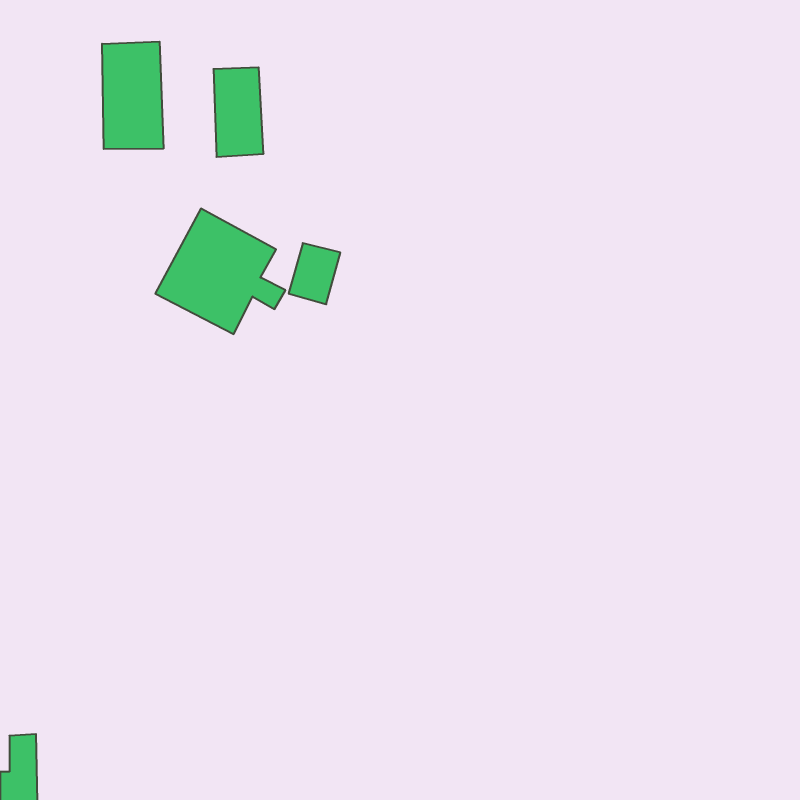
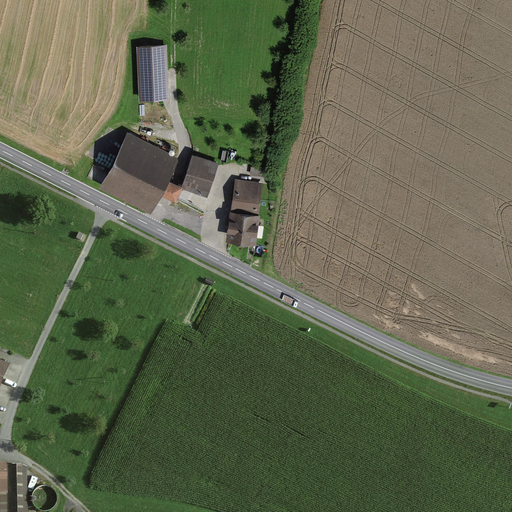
building: [102,42,163,149] -> none
building: none -> [229,182,260,241]

